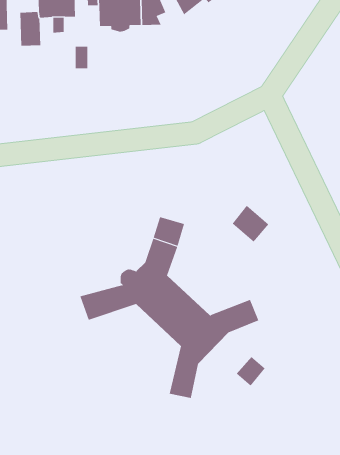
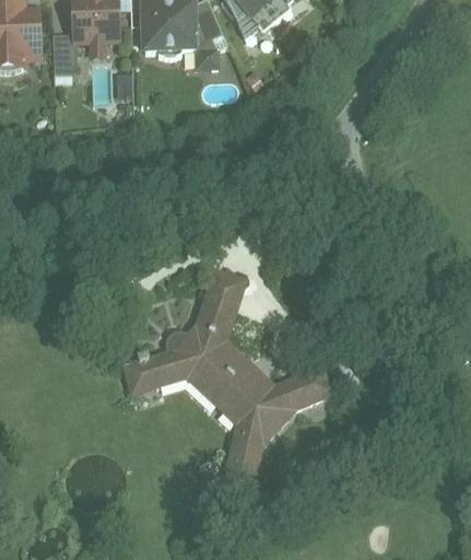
building: [232,205,269,242] -> none
building: [236,356,265,387] -> none

